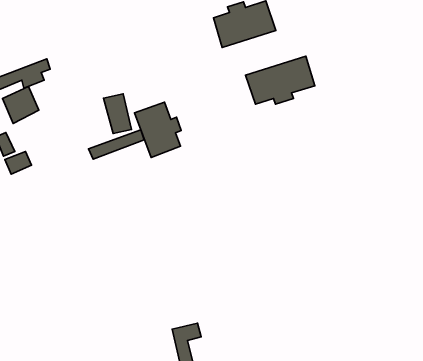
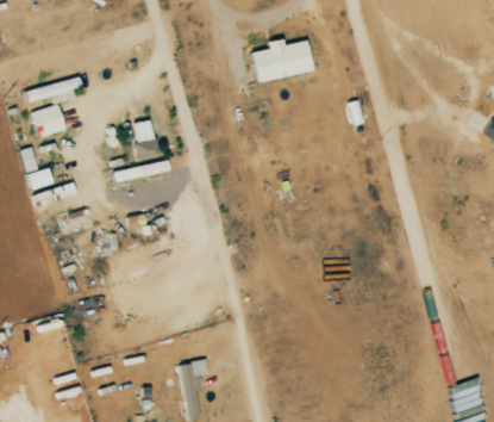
building: [246,56,315,104] -> none
building: [135,102,181,157] -> none

